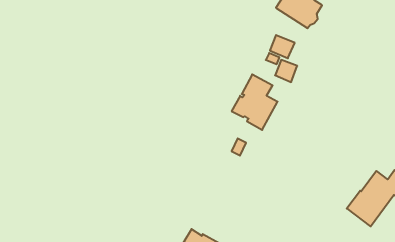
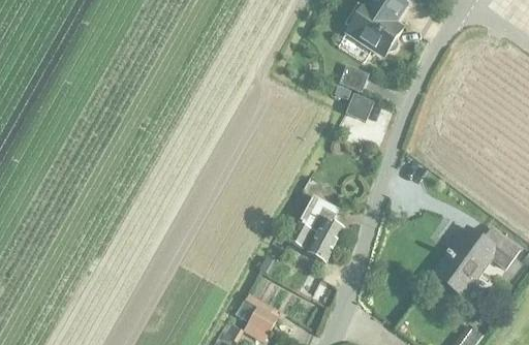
building: [232,74,278,130] -> [288,195,344,262]

